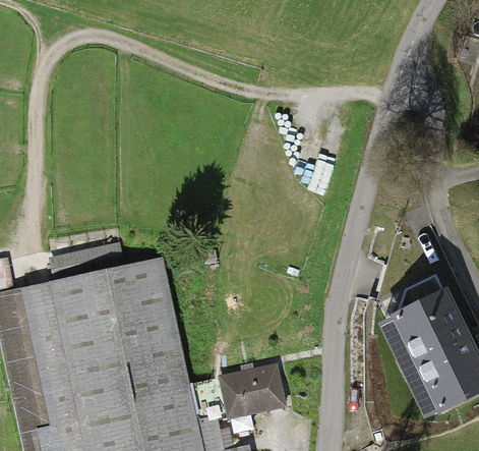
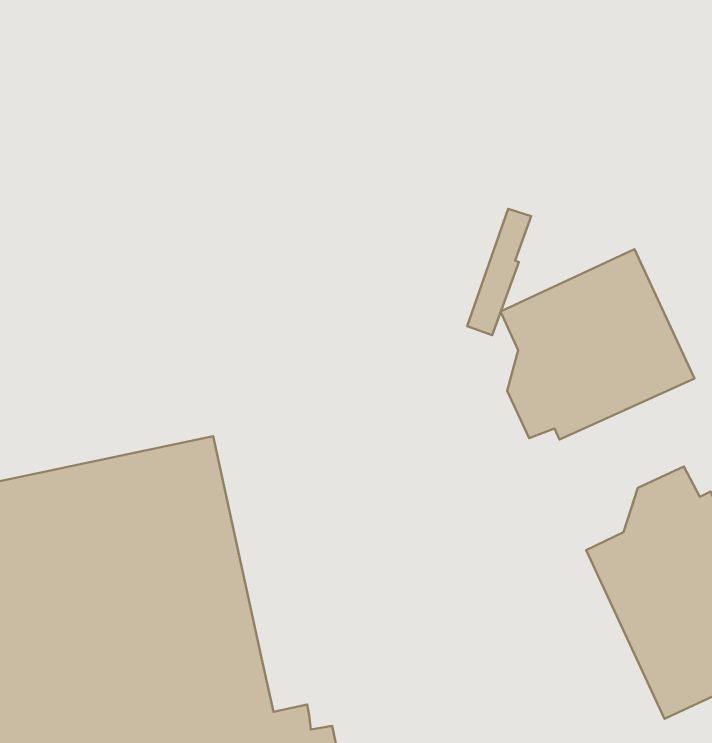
building: none -> [501,249,695,440]
building: [191,364,288,420] -> none

